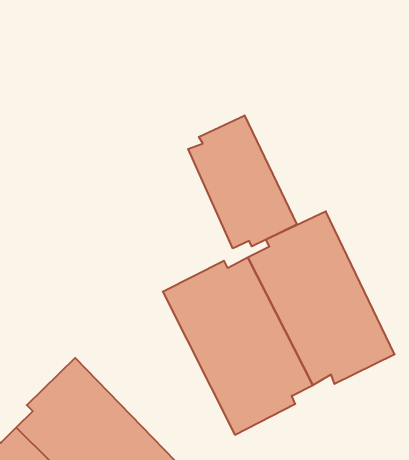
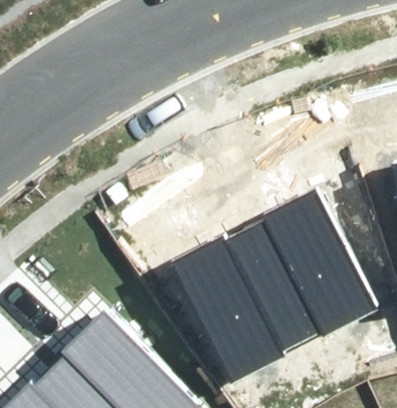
building: [188,115,297,248] -> none

